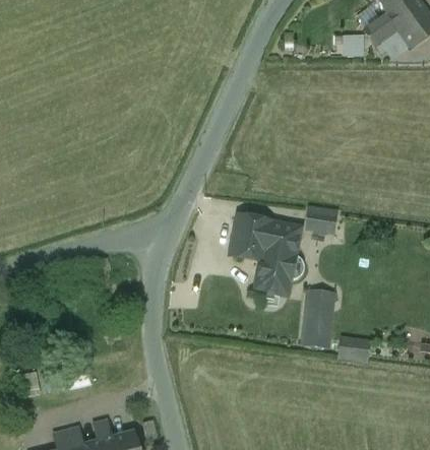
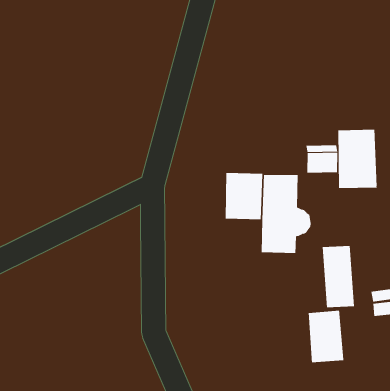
building: none -> [338,129,377,189]
building: none -> [308,310,344,363]

